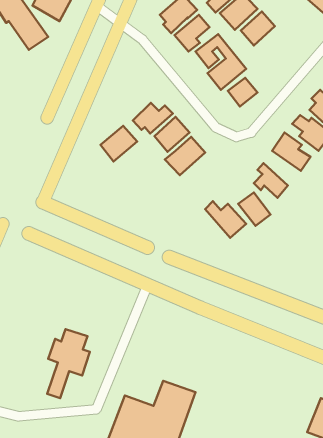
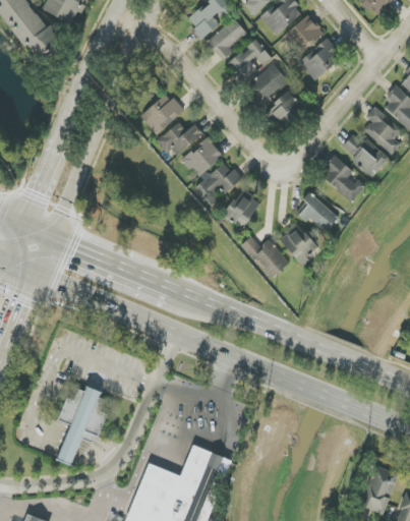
building: none -> [299,39,341,80]
building: [100,126,137,161] -> [140,93,183,134]
building: none -> [225,189,259,226]

